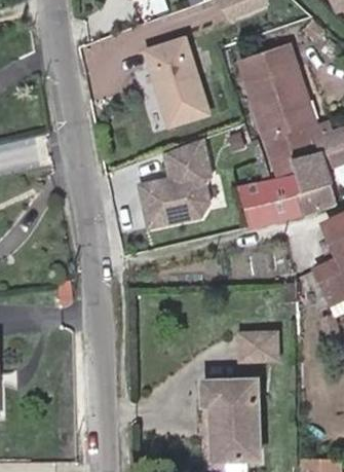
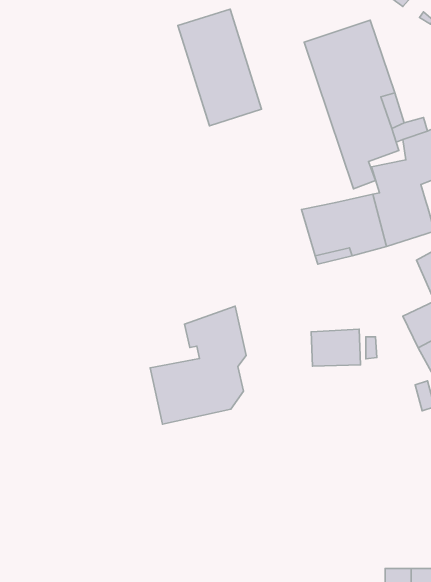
building: [140,138,212,226] -> [150,306,246,424]
building: [240,331,277,359] -> [311,329,360,366]
building: [204,379,259,456] -> none

